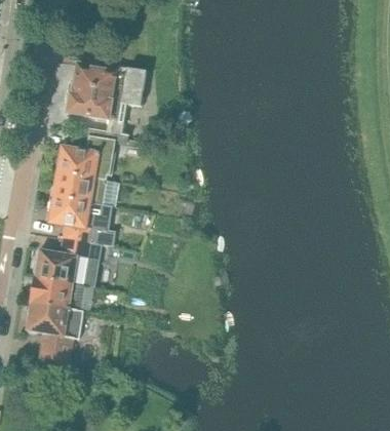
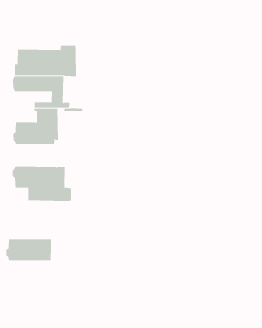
building: [53,172,104,205] -> none
building: [33,238,107,287] -> none
building: [26,303,83,366] -> none

